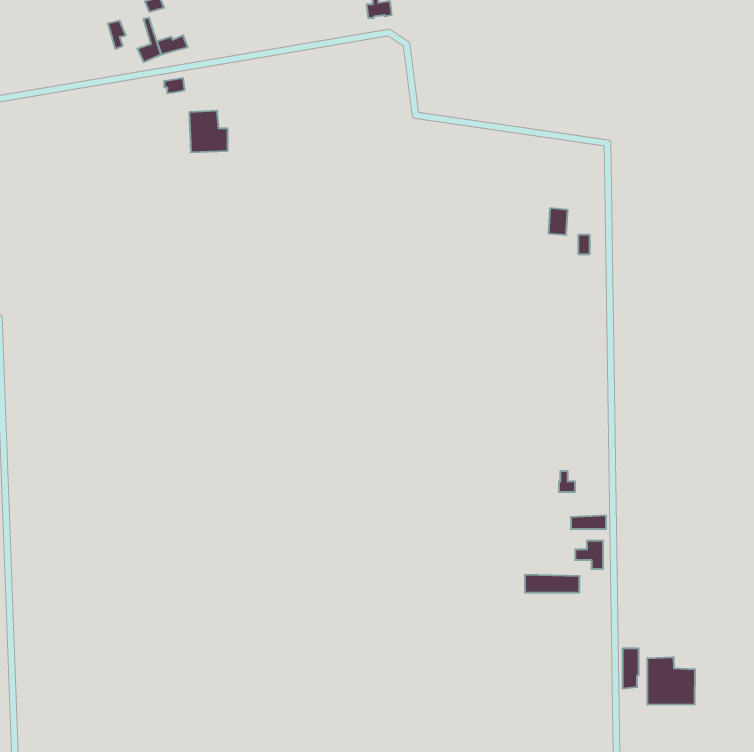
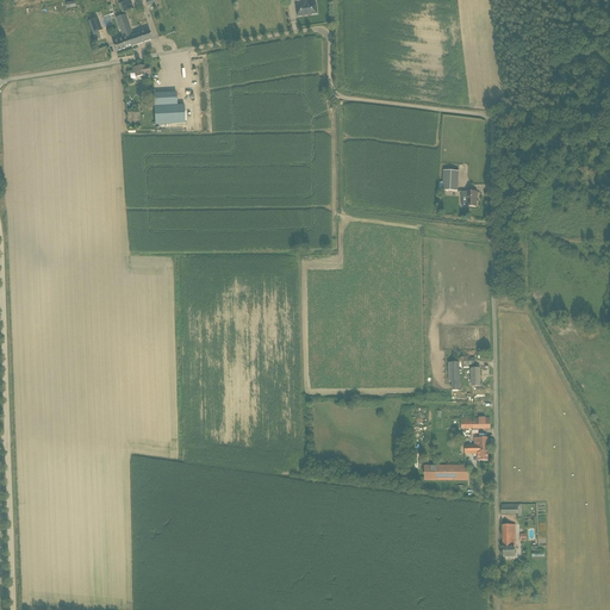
building: [647,657,695,705] -> none

